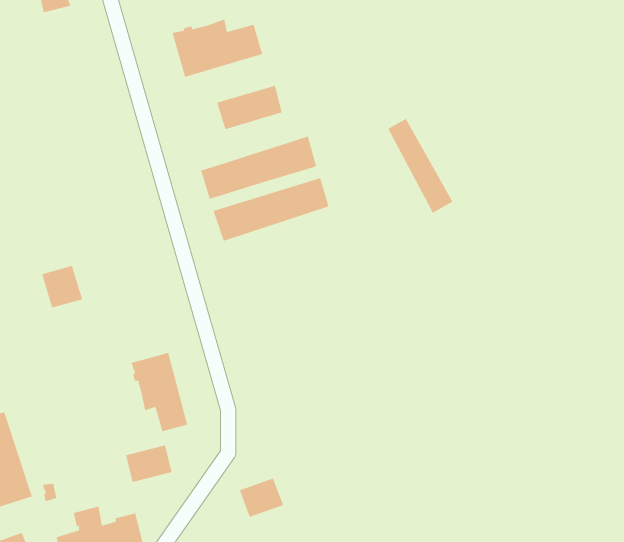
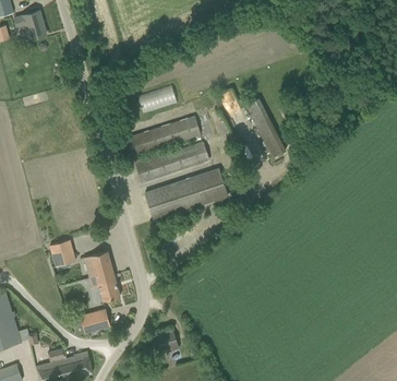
building: [172,18,263,78] -> none
building: none -> [144,168,227,221]
building: [41,265,83,309] -> [49,239,75,266]

